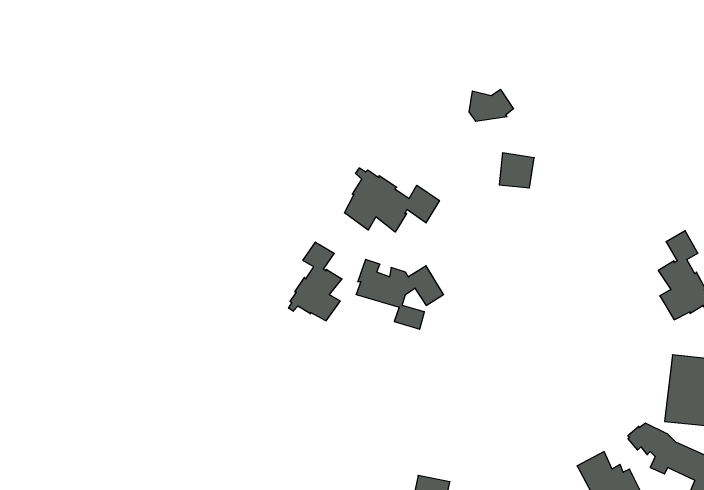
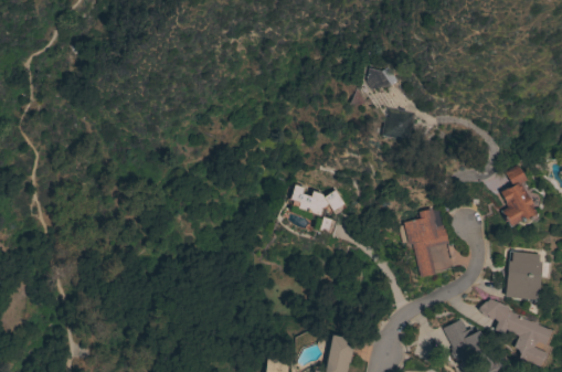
building: [344,168,439,232] -> none
building: [289,242,342,321] -> none
building: none -> [404,210,450,277]

